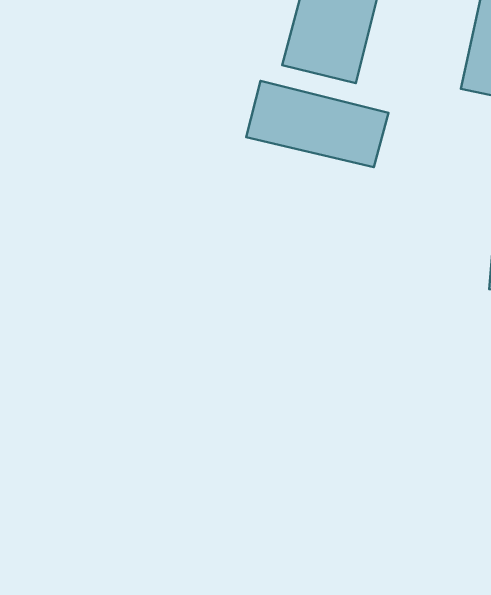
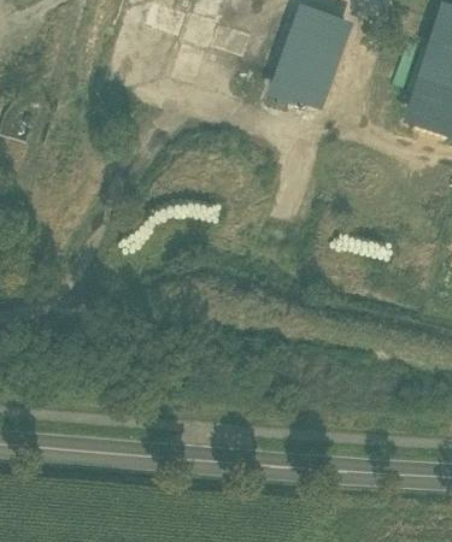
building: [246,81,389,167] -> none

